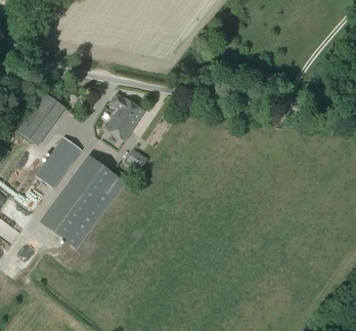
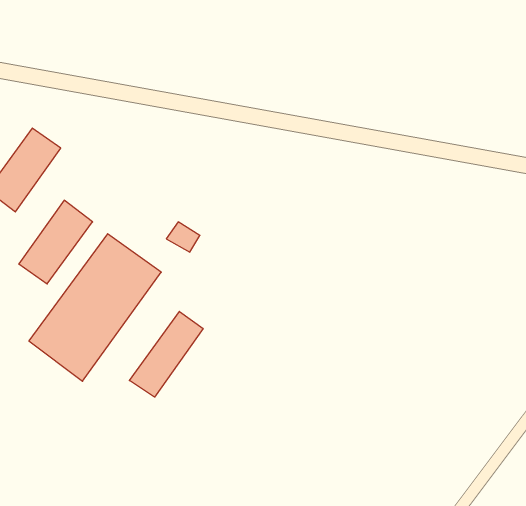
building: [105,92,144,140] -> none
building: none -> [129,311,203,397]

